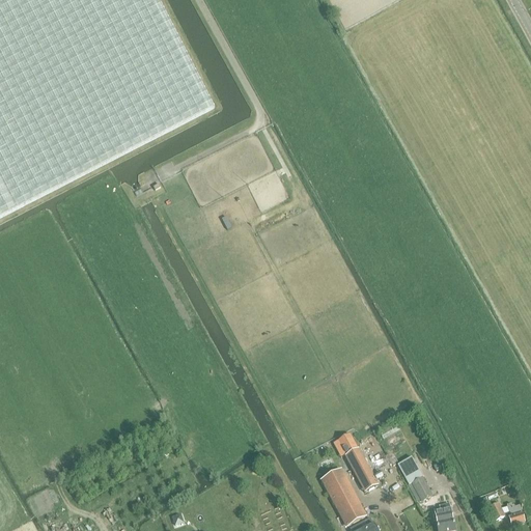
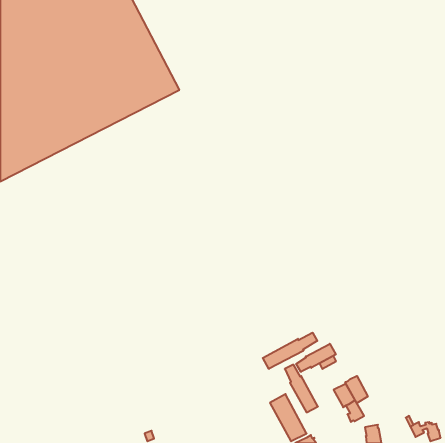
building: none -> [263,333,317,369]
building: none -> [296,344,336,372]
building: none -> [345,376,368,403]

